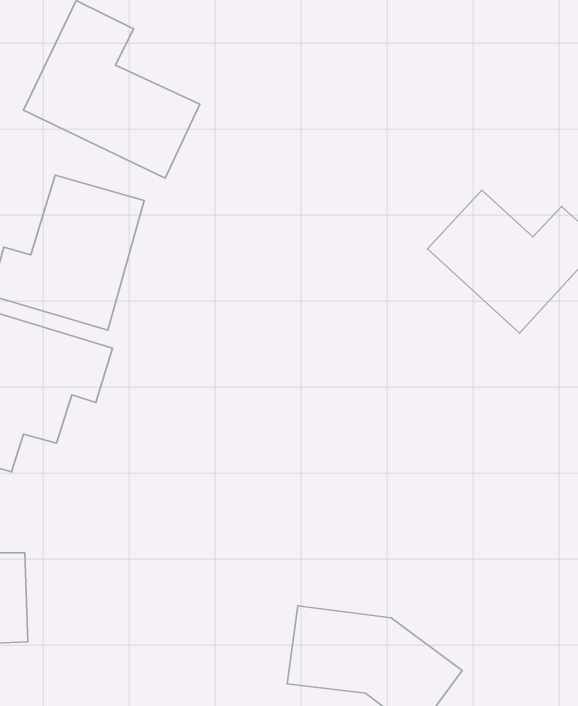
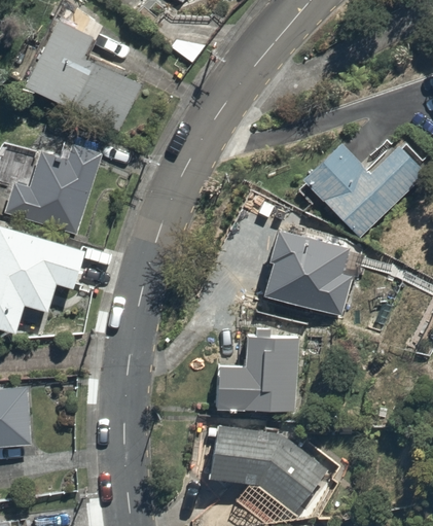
building: none -> [260,235,355,316]
building: none -> [213,334,299,416]

